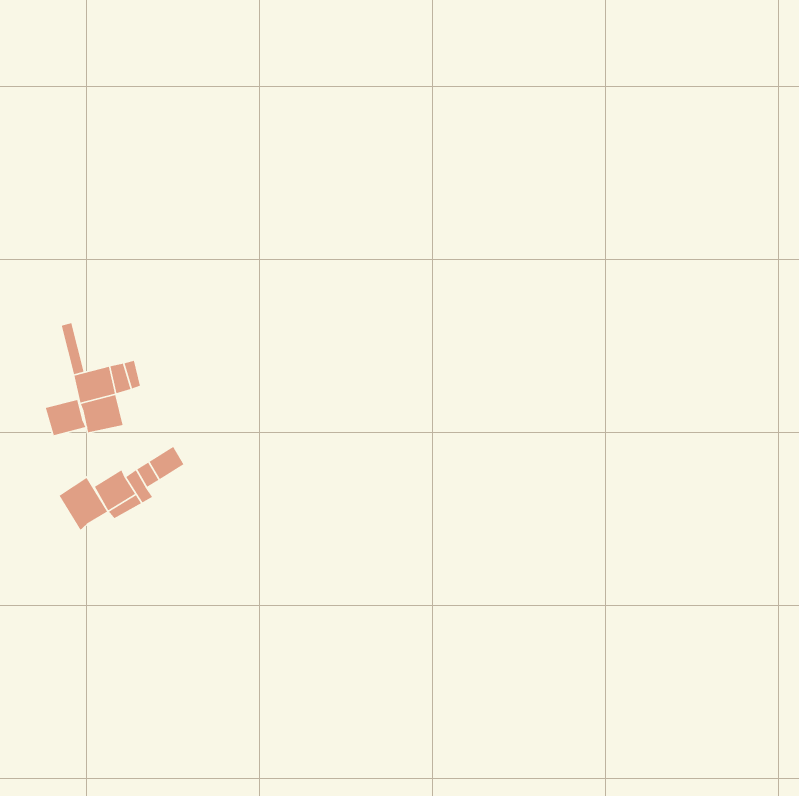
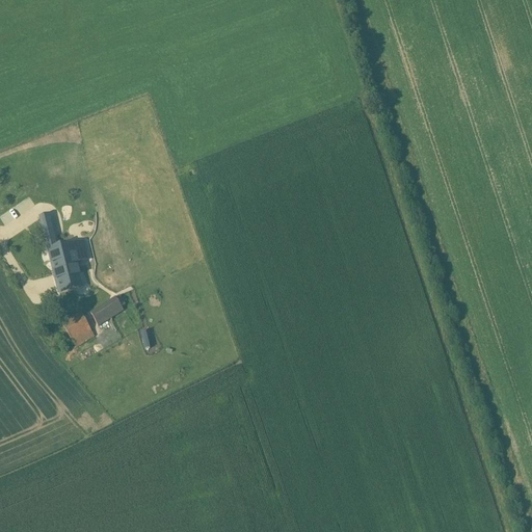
building: [45,399,86,436] -> none
building: [59,477,108,531] -> none

